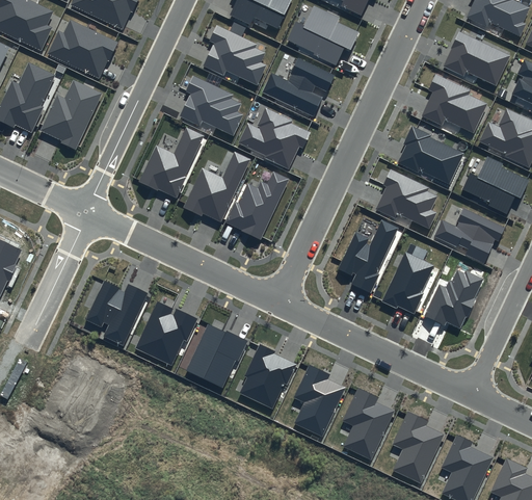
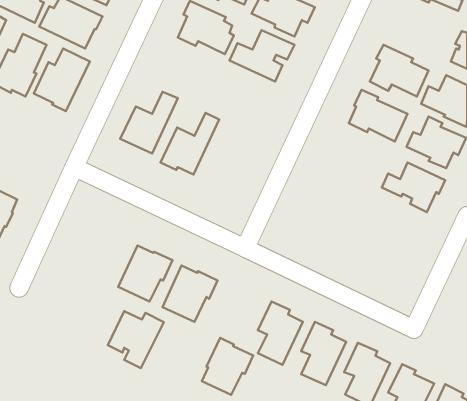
building: [443,31,510,85] -> none
building: [180,75,243,136] -> none
building: [238,108,311,169] -> none
building: [375,169,437,230] -> none
building: [224,170,290,239] -> none
building: [338,219,399,293] -> none
building: [381,252,434,313] -> none
building: [423,269,485,330] -> none
building: [85,281,149,345] -> [108,311,164,368]
building: [239,344,297,409] -> [202,338,253,395]

